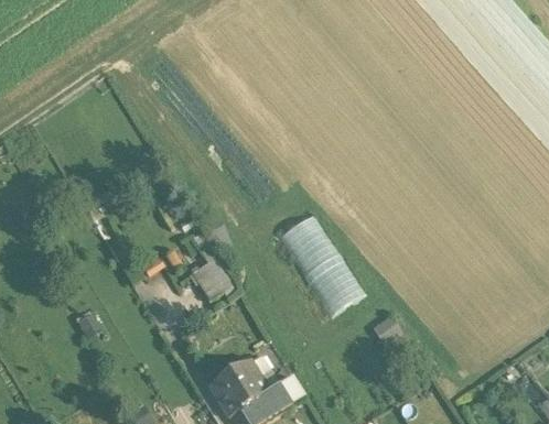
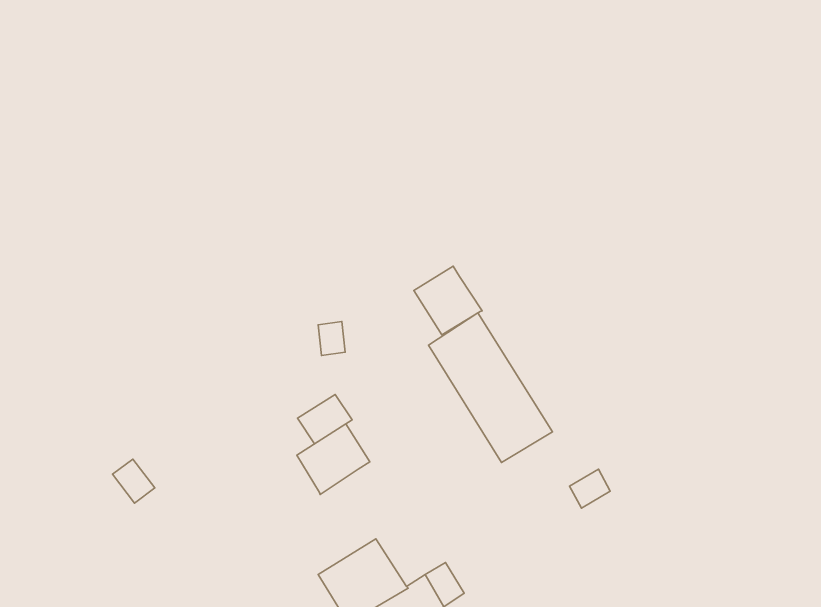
building: none -> [414,266,482,335]
building: none -> [297,424,370,494]

